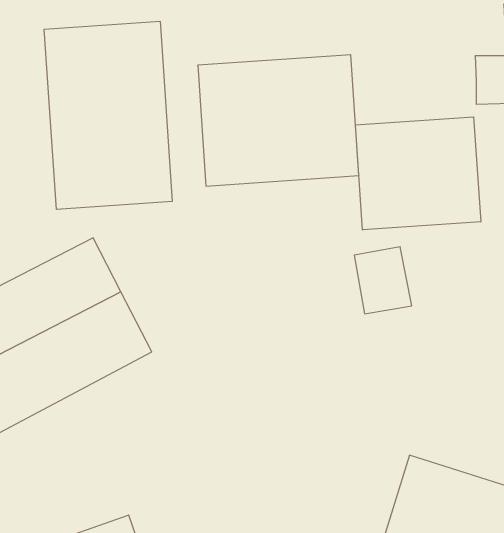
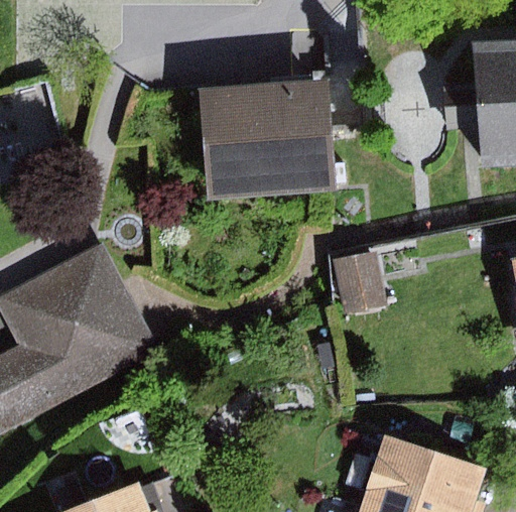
building: [44,21,172,209] -> none
building: [355,117,481,230] -> none

